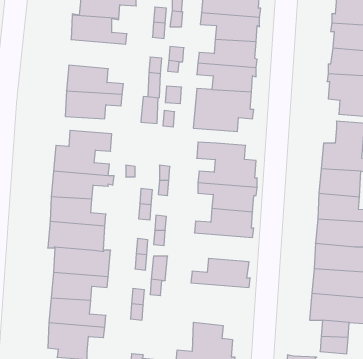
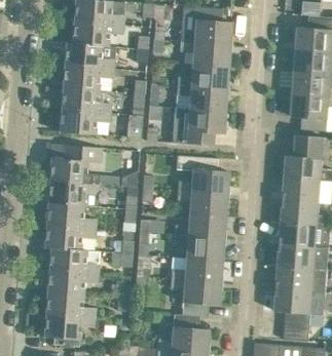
building: none -> [63,65,113,91]
building: none -> [173,235,225,261]
building: none -> [170,279,222,317]

